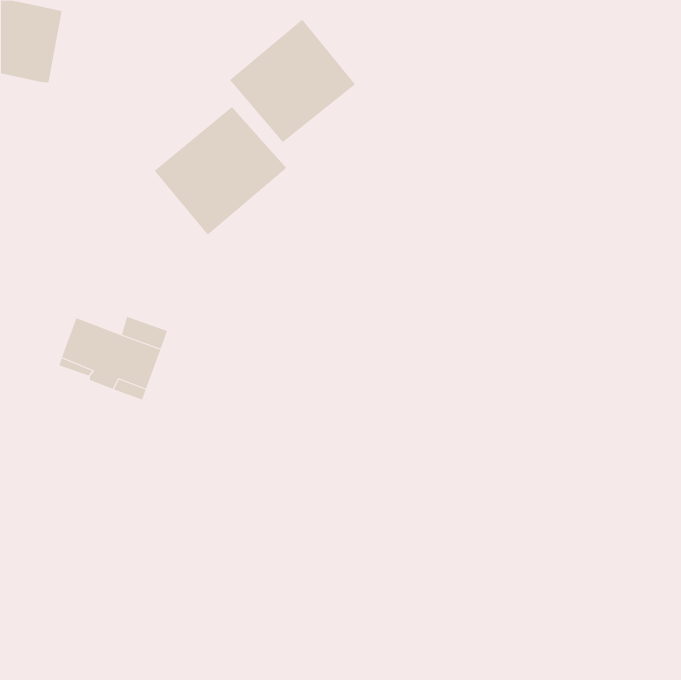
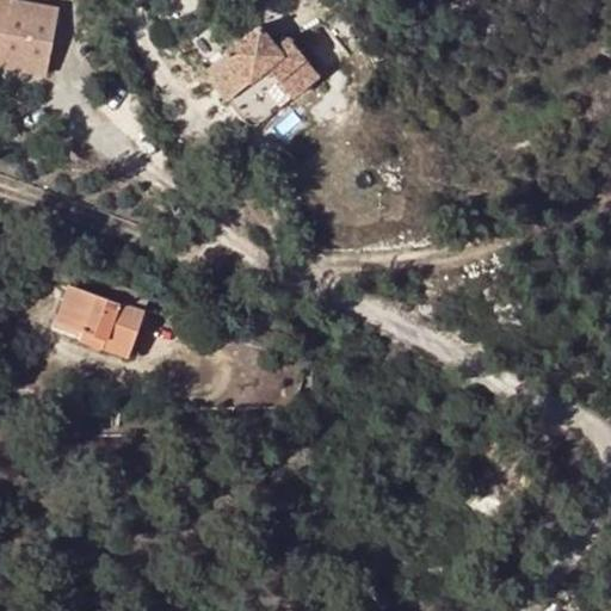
building: [154,106,287,235] -> none

